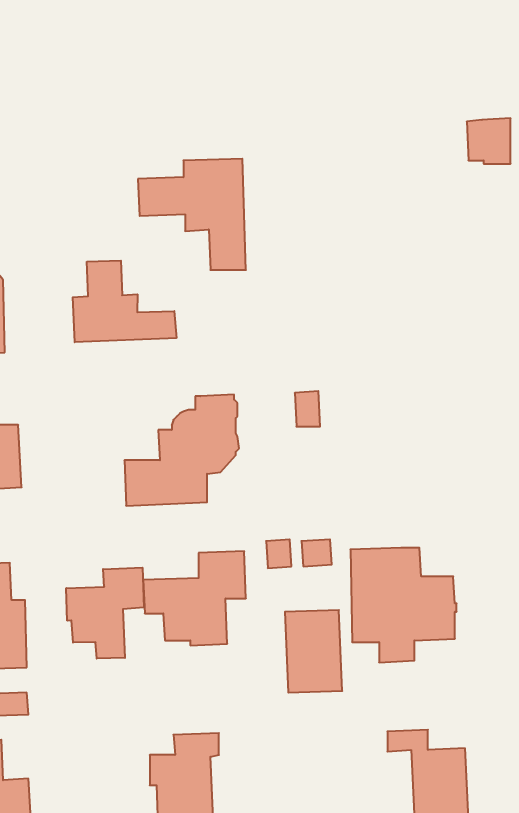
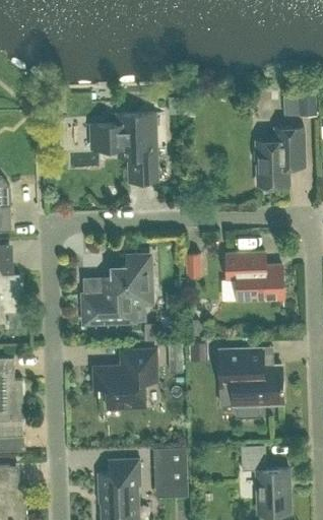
building: none -> [253,127,305,185]
building: [73,261,176,342] -> none
building: none -> [227,252,283,300]
building: [66,568,144,659] -> none
building: [285,610,342,693] -> [153,447,188,497]

